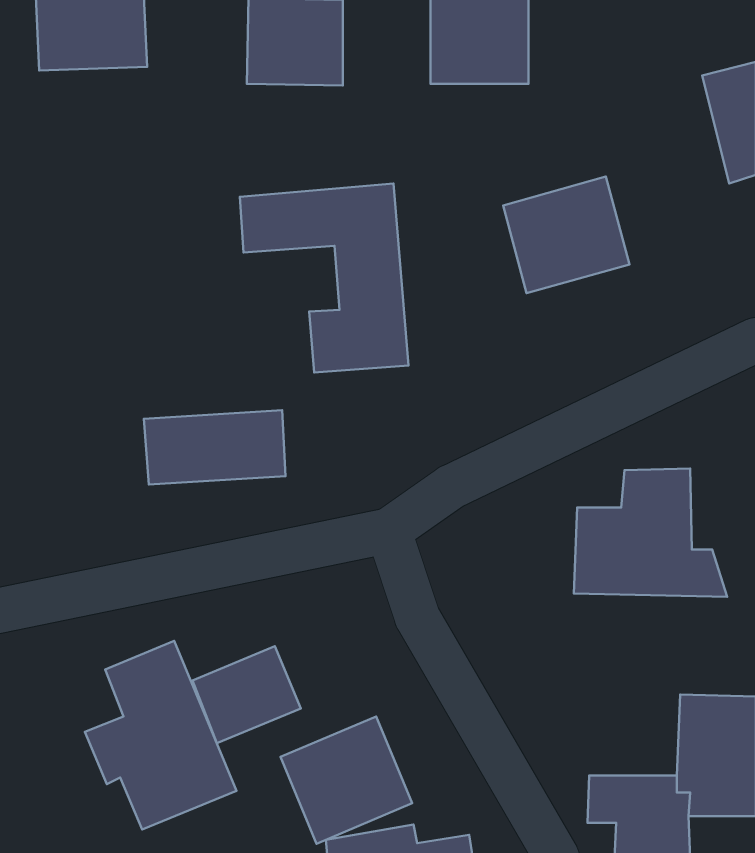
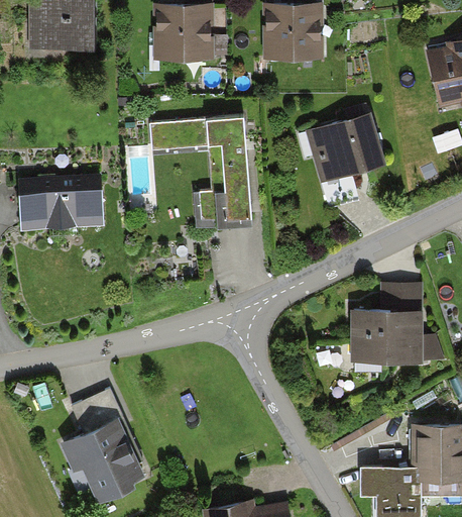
building: [144,410,286,485] -> [18,186,103,230]
building: [192,646,301,743] -> none
building: [280,716,412,844] -> none

